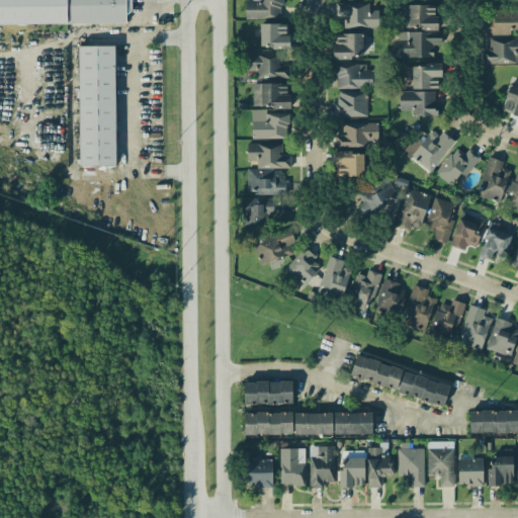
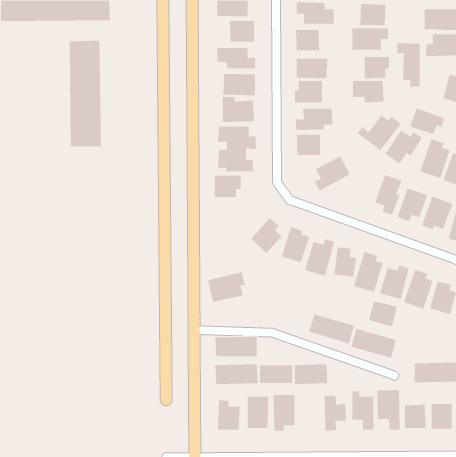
building: none -> [397,43,420,88]
building: none -> [410,107,445,135]
building: [394,187,431,231] -> none
building: [253,228,296,263] -> [207,271,246,303]
building: none -> [368,300,398,327]
building: [341,450,365,488] -> none

